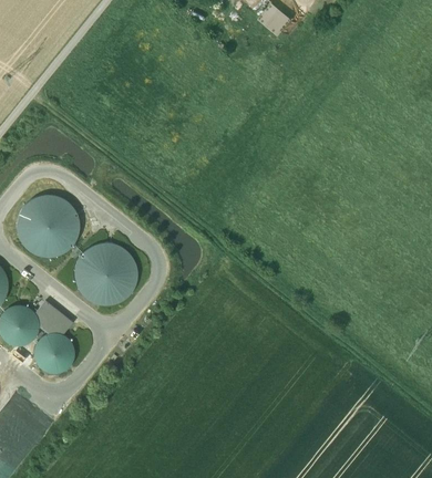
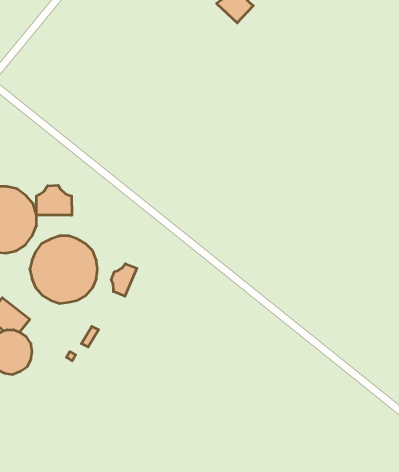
building: none -> [36,185,72,215]
building: none -> [111,264,137,296]

